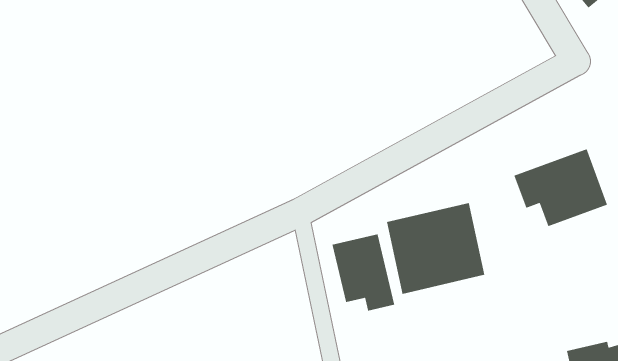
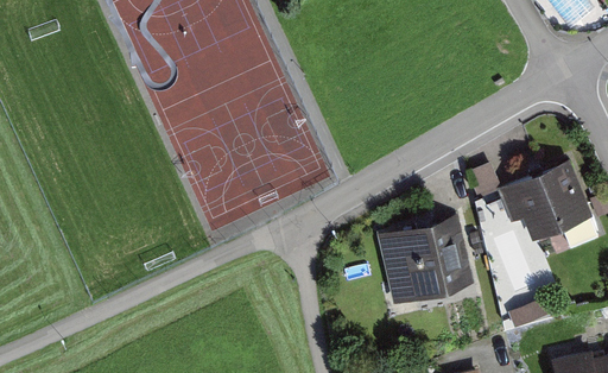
building: [332,233,395,312] -> none

